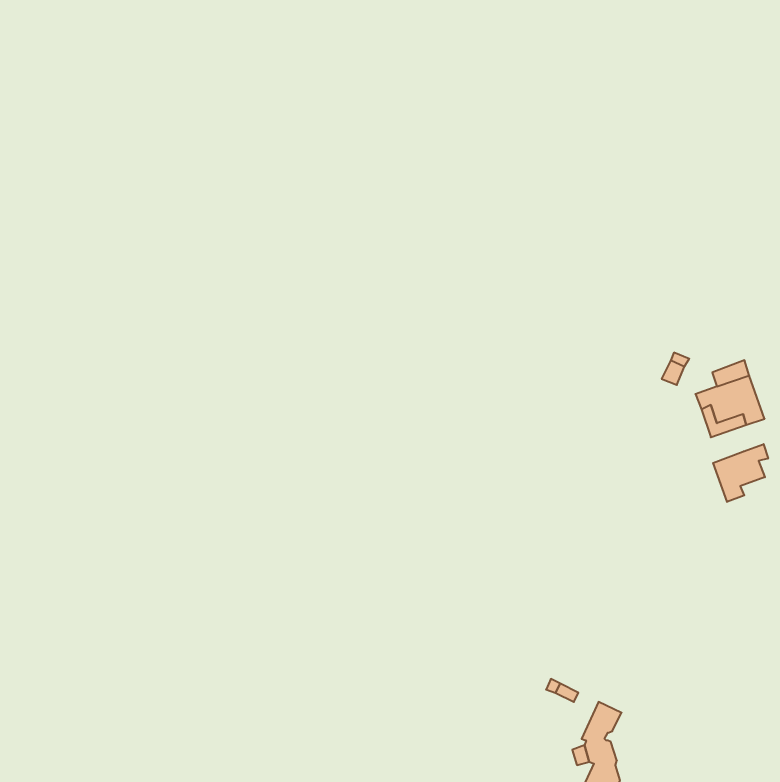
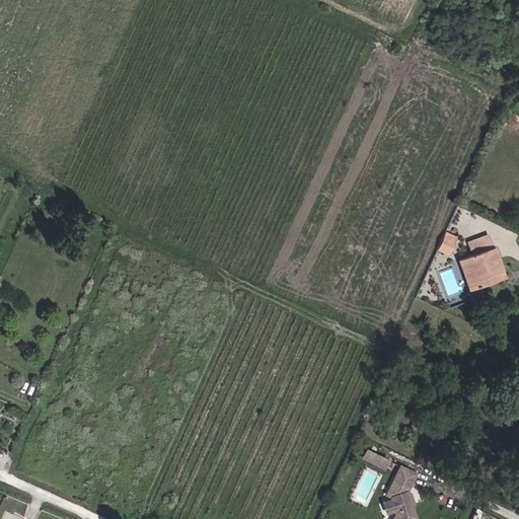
building: [713,444,768,502] -> none

